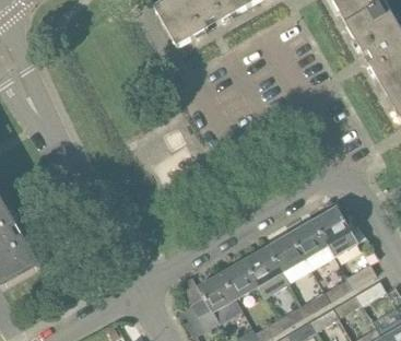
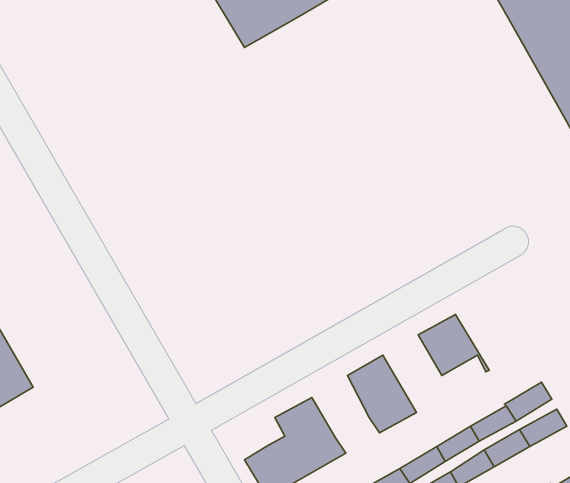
building: [314,204,357,255] -> none
building: [267,232,305,271] -> none
building: [221,258,258,298] -> none

